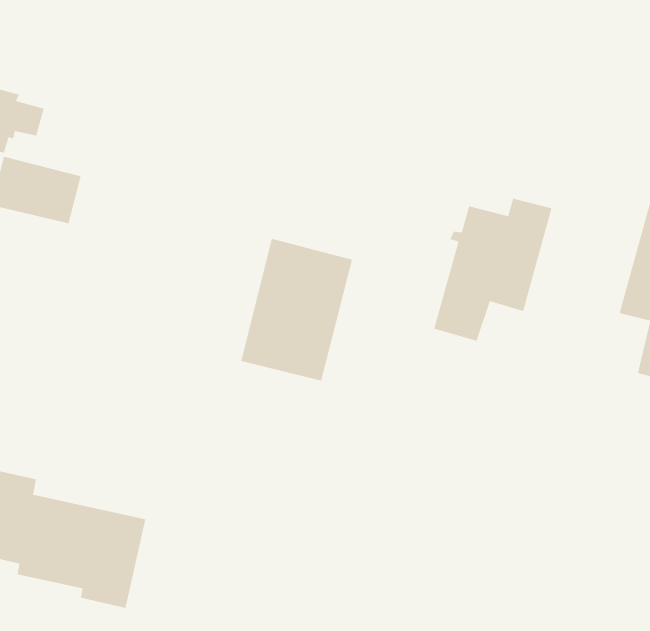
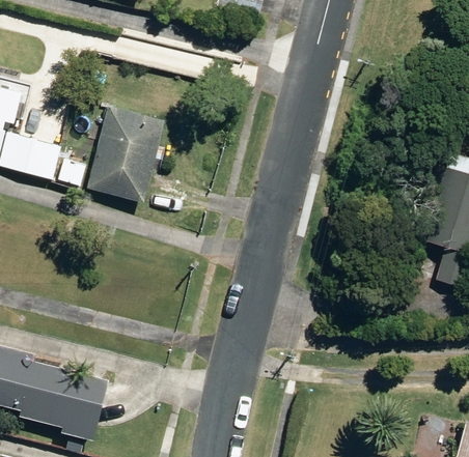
building: [433,198,552,342] -> none
building: [240,238,353,381] -> [87,105,163,201]

